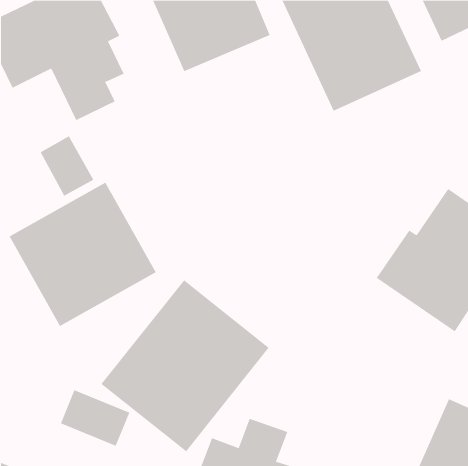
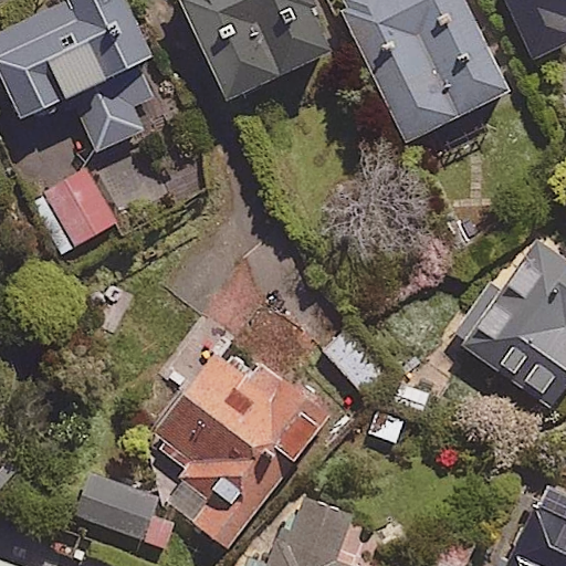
building: [9,182,156,327] -> none

